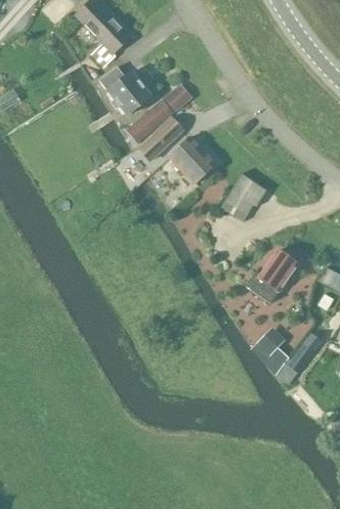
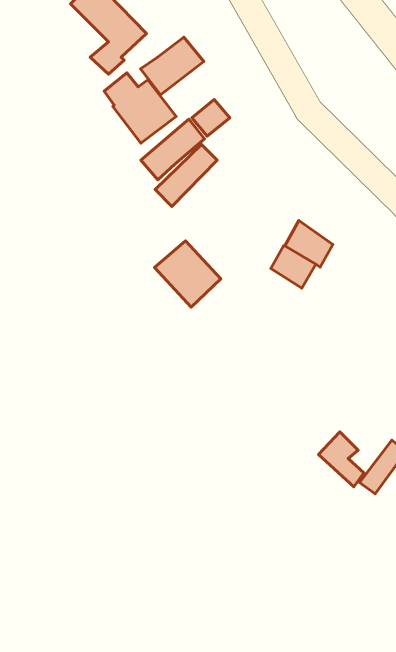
building: none -> [141,37,204,95]
building: [168,137,216,185] -> [154,241,221,307]
building: [245,250,298,302] -> none

